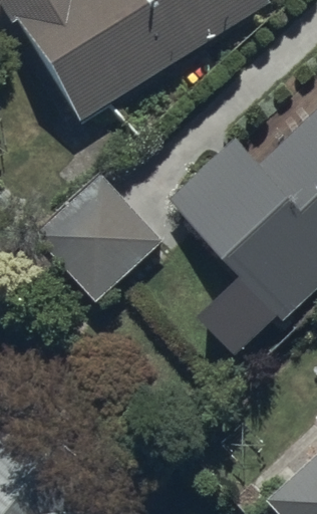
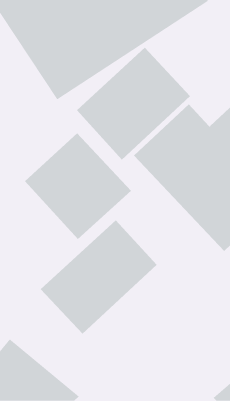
building: none -> [76,47,191,160]
building: none -> [40,220,158,335]

